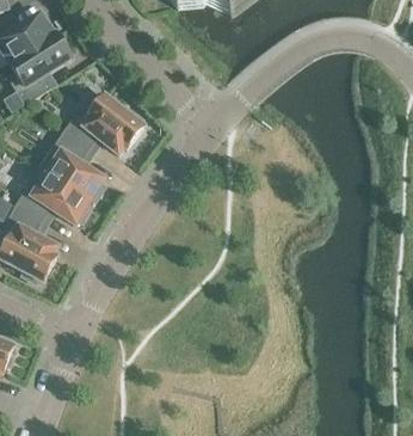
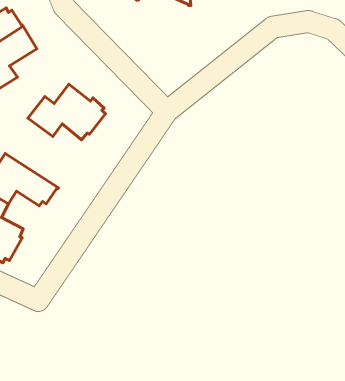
building: [38,131,104,204] -> none

